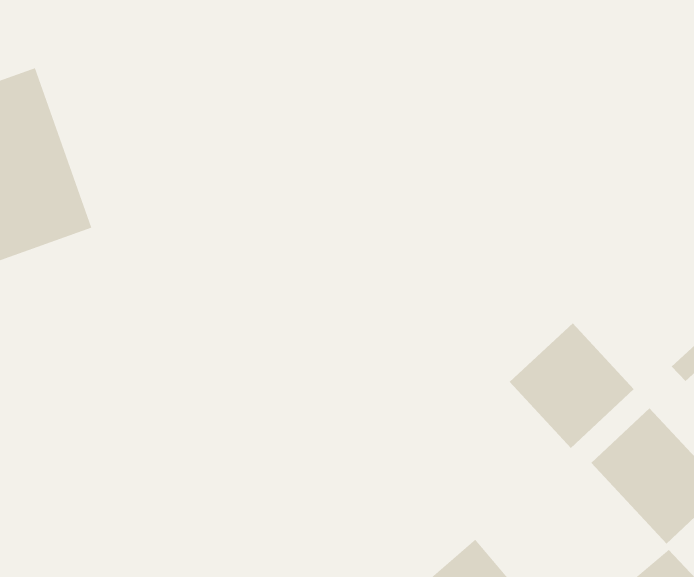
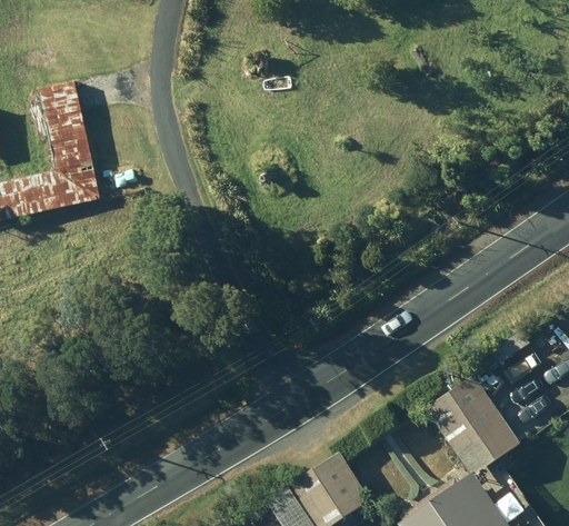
building: [509,322,635,449] -> none

